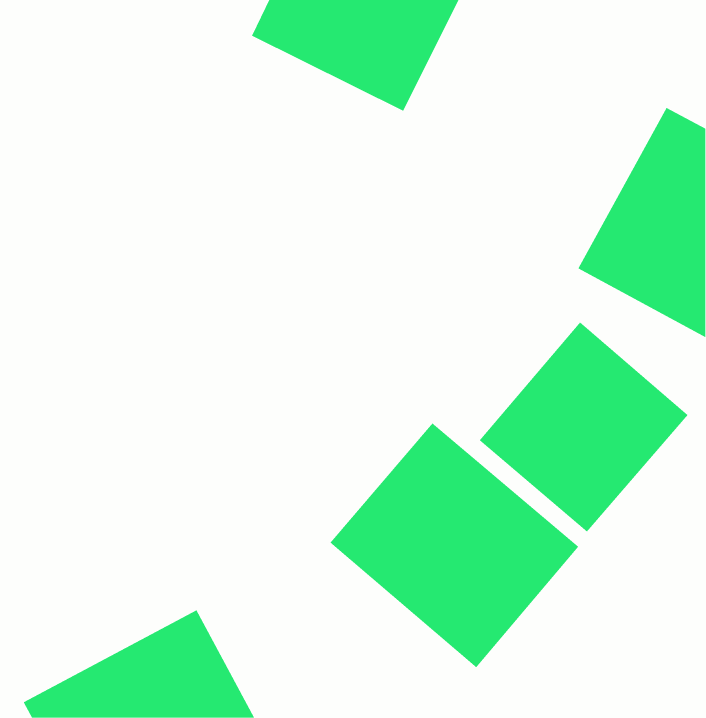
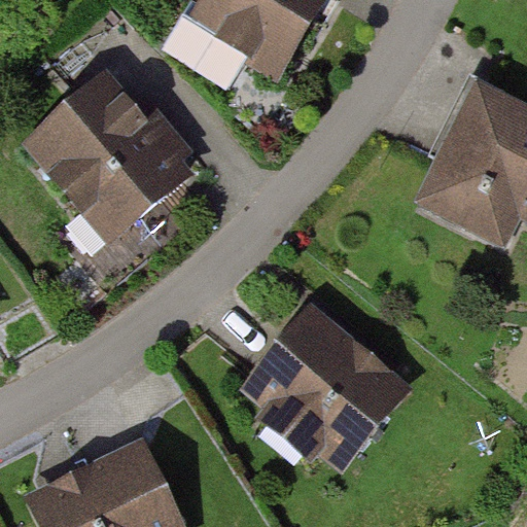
building: none -> [23,69,197,245]
building: [479,322,688,532] -> none

